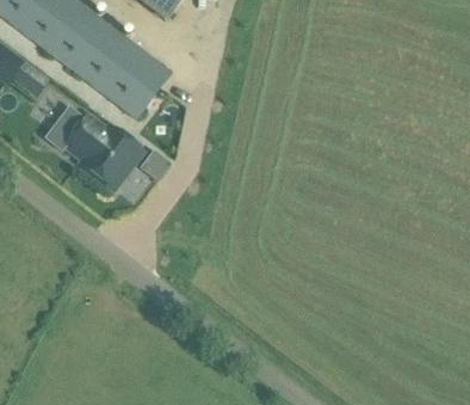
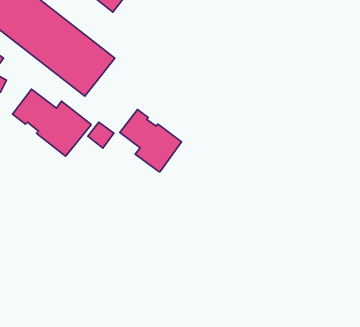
building: none -> [120,109,182,172]

